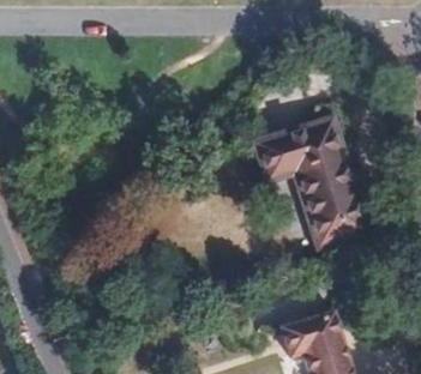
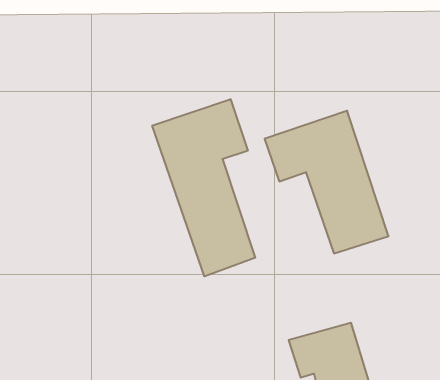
building: none -> [152,99,255,276]

